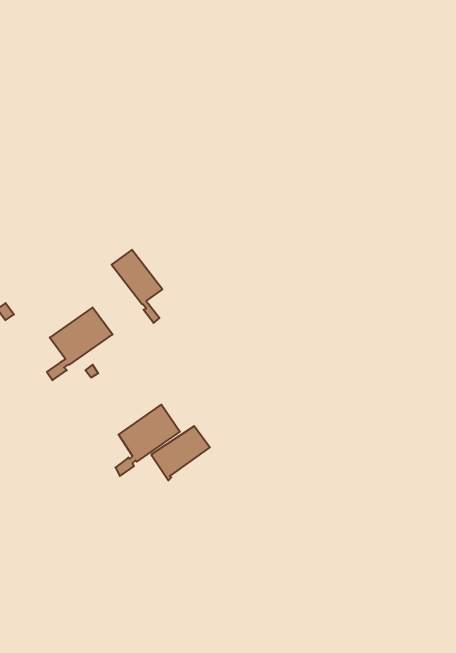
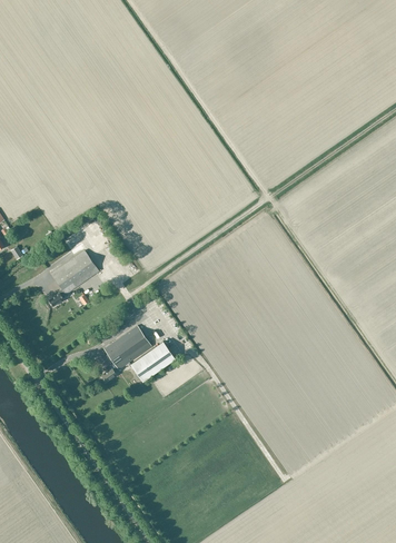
building: [112,250,162,323] -> none

